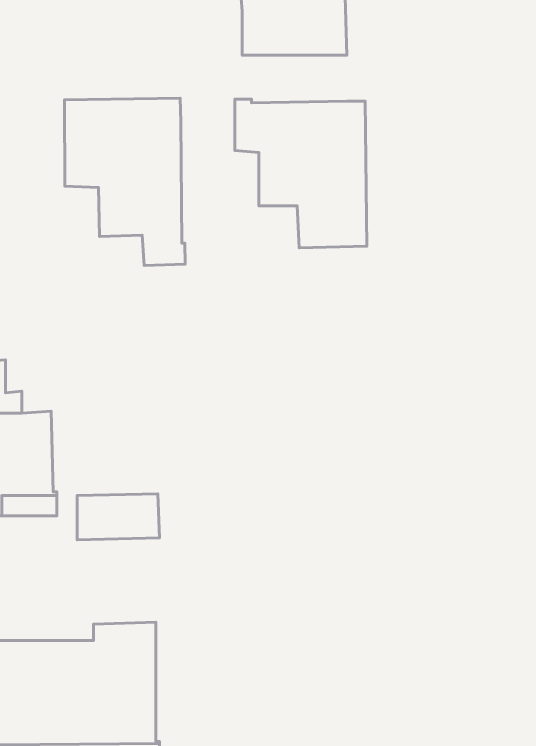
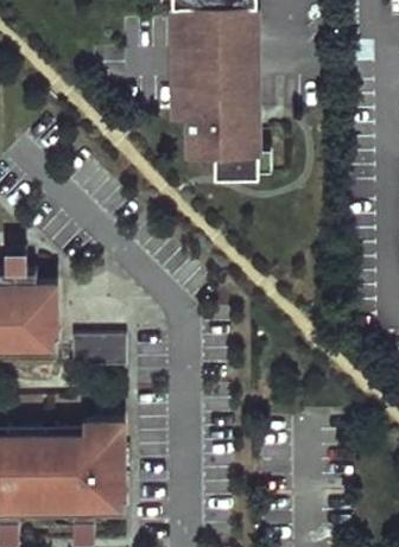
building: none -> [185,58,247,89]
building: [64,98,185,265] -> none

